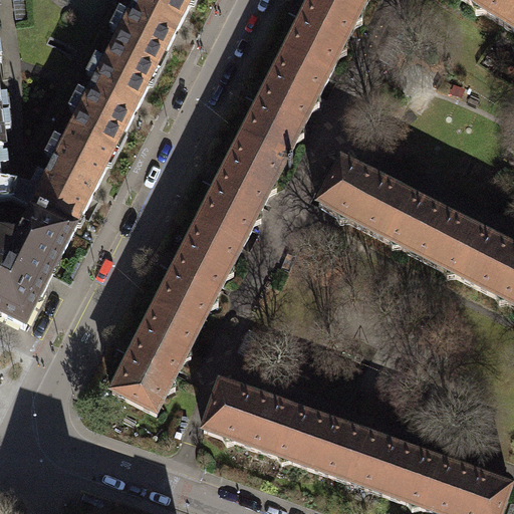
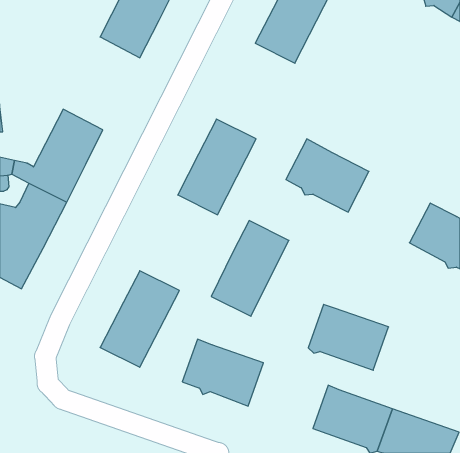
building: [70,41,156,145] -> none
building: [241,48,328,155] -> none
building: [388,191,479,271] -> none
building: [156,217,242,323] -> [211,221,289,316]
building: [276,404,365,477] -> [308,304,389,370]

